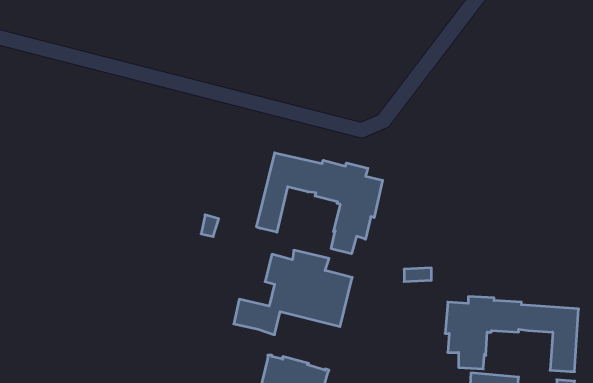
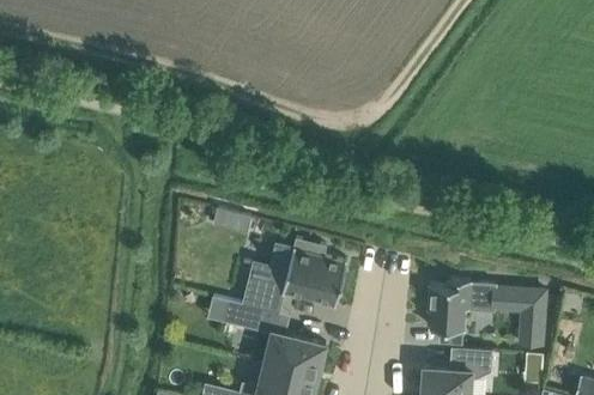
building: [257,153,383,254] -> none
building: none -> [223,300,263,330]

